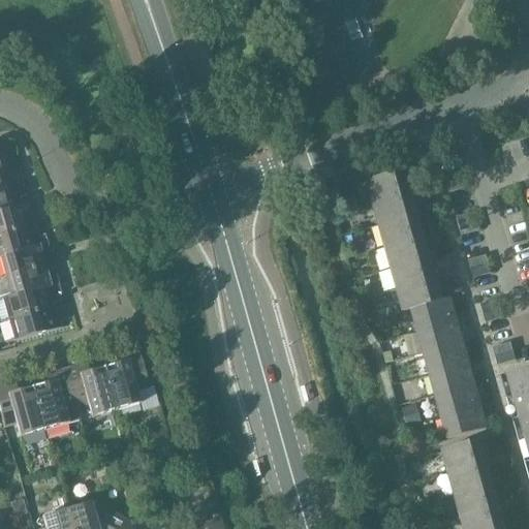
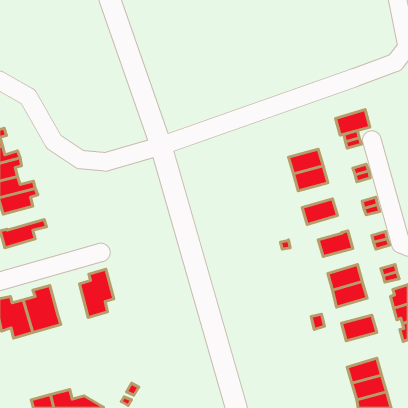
building: [366,169,410,203] -> [336,110,370,135]
building: [384,236,429,268] -> none
building: [4,266,57,297] -> none
building: [396,278,441,311] -> none
building: [6,308,60,340] -> none
building: [416,320,461,352] -> none
building: [64,362,114,415] -> none
building: [434,384,479,416] -> none
building: [441,439,486,473] -> none

